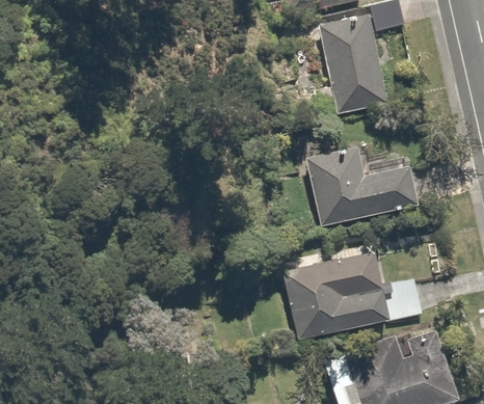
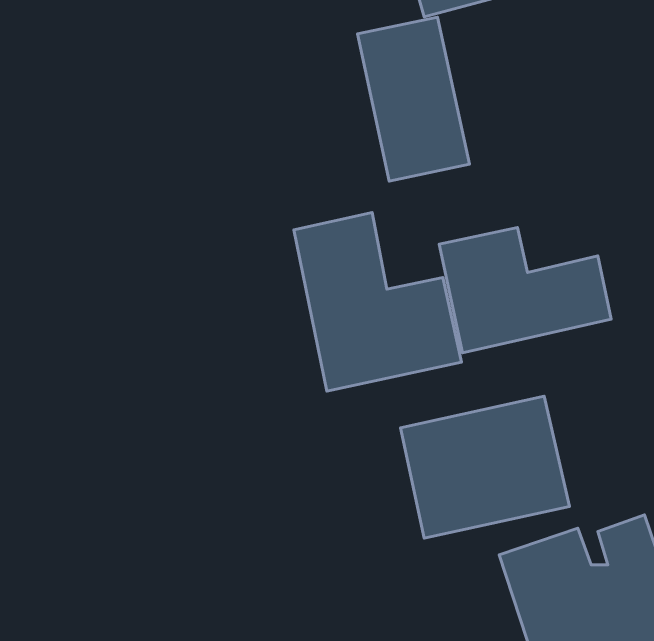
building: [318,14,387,115] -> [357,17,469,181]
building: none -> [294,212,461,391]

